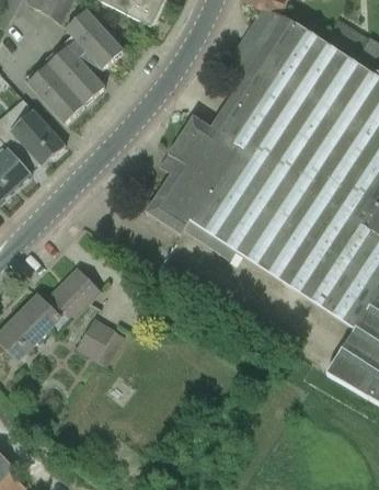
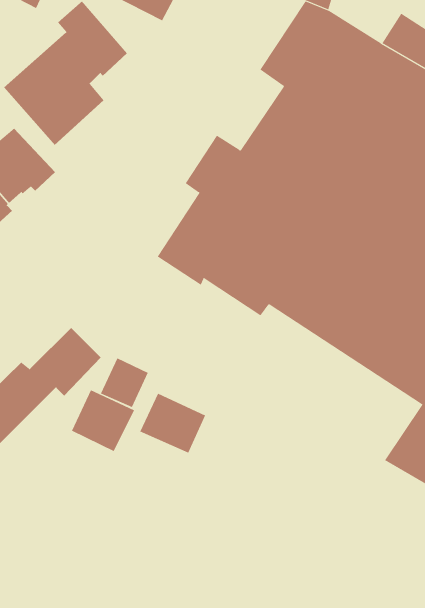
building: none -> [100,358,148,408]
building: none -> [140,393,206,453]

